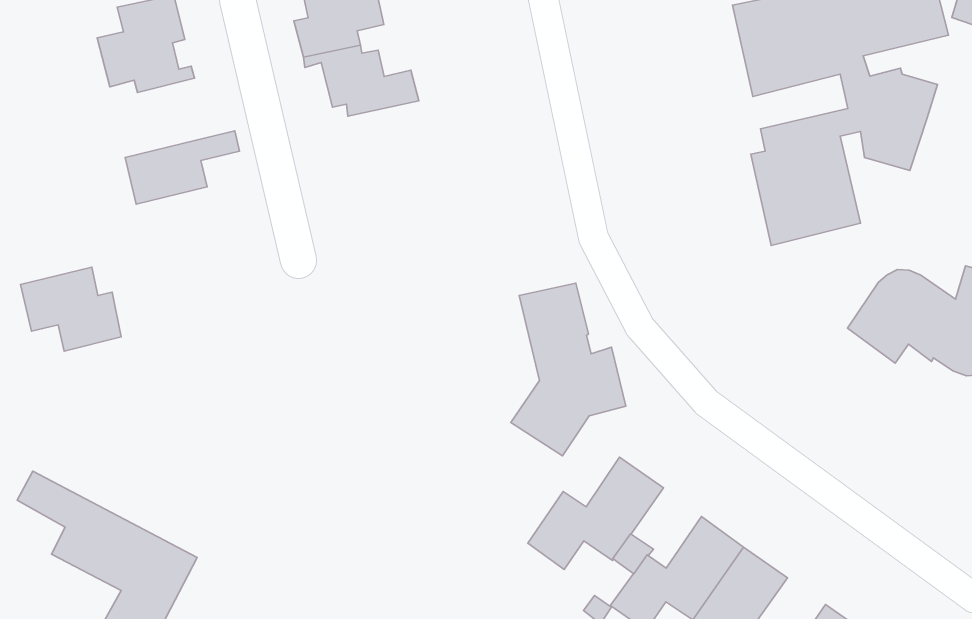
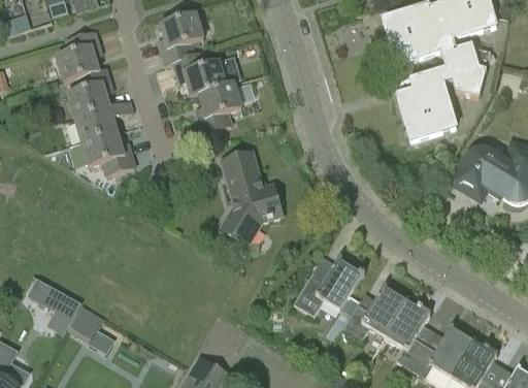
building: none -> [67,73,112,117]
building: none -> [188,77,240,133]
building: [21,267,121,351] -> [81,129,135,173]
building: [511,283,626,456] -> [223,153,282,242]

